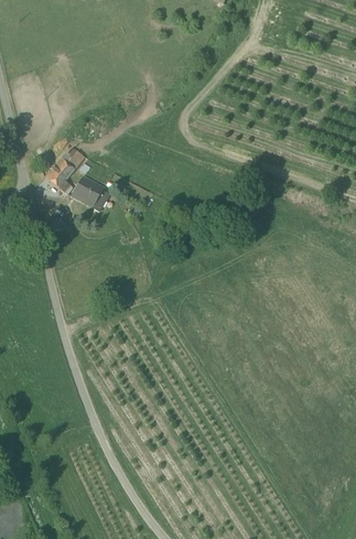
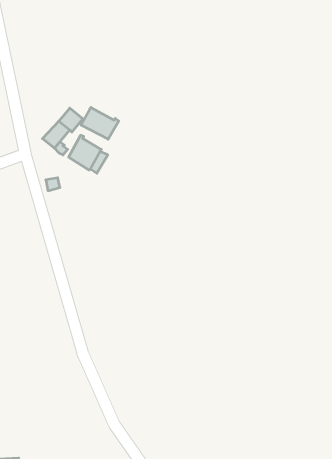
building: none -> [81,107,119,139]

